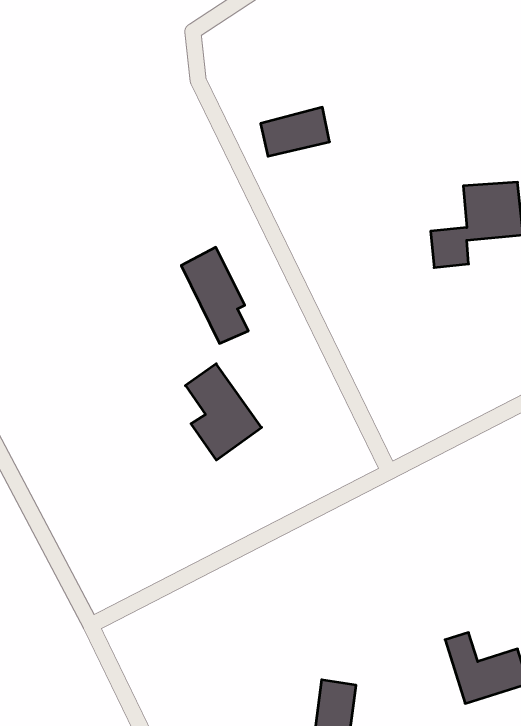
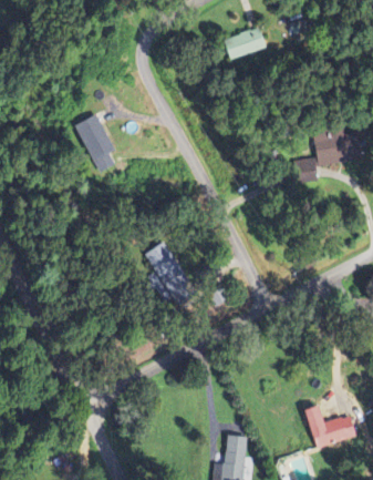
building: [261,107,330,156] -> [224,28,266,58]
building: [181,247,248,343] -> [74,113,115,172]

